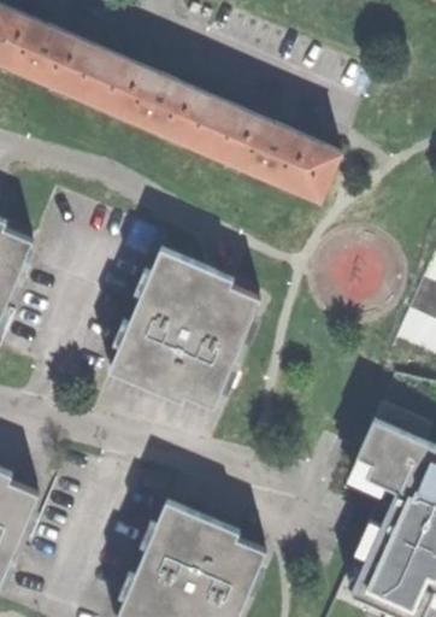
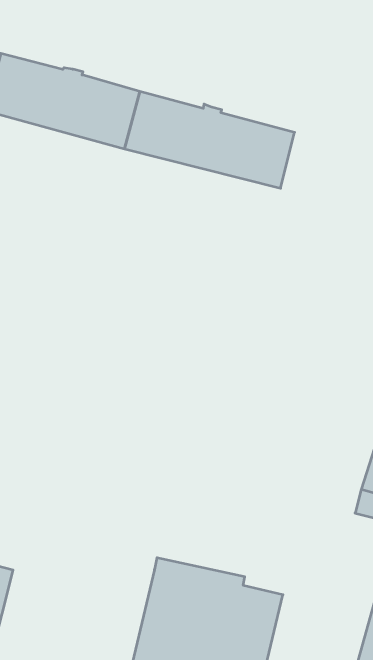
building: [111,247,259,407] -> none

